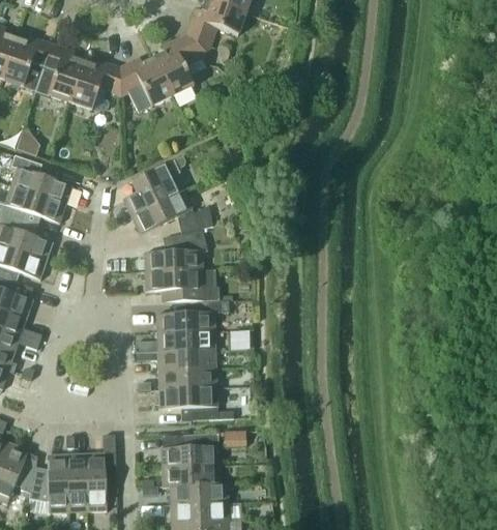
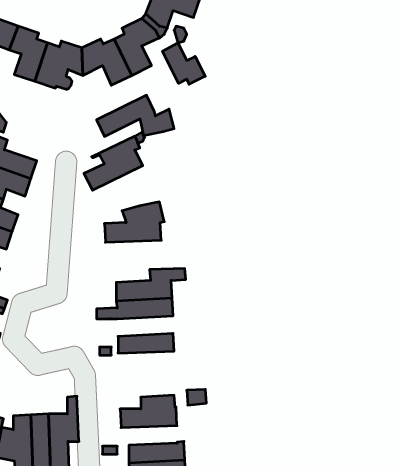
building: none -> [163,43,205,84]
building: [130,190,212,234] -> [97,95,174,136]
building: [144,269,217,301] -> none
building: [135,349,215,371] -> none
building: [157,386,233,420] -> none
building: [160,465,220,487] -> none

